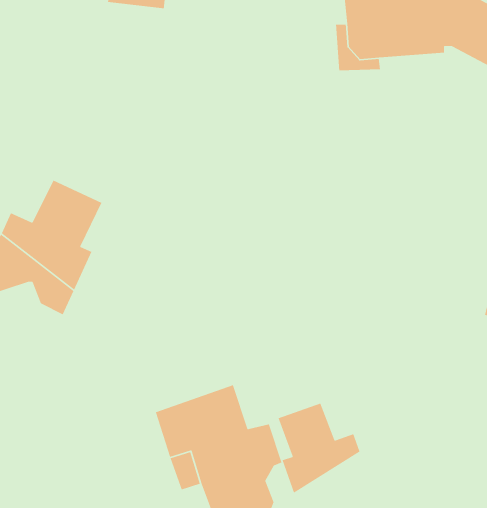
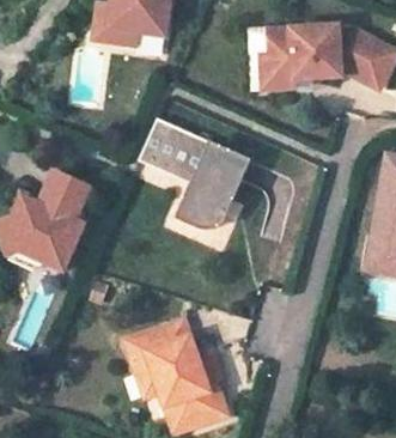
building: none -> [141,117,250,226]
building: [278,403,360,494] -> none

